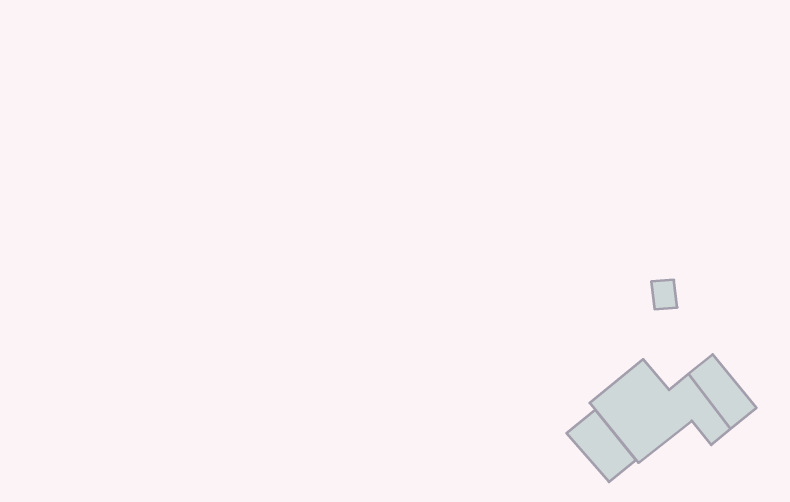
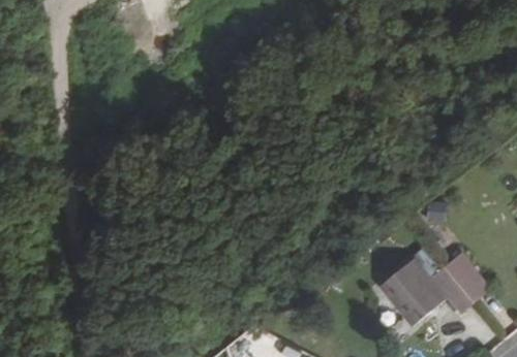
building: [567,410,636,482] -> none

